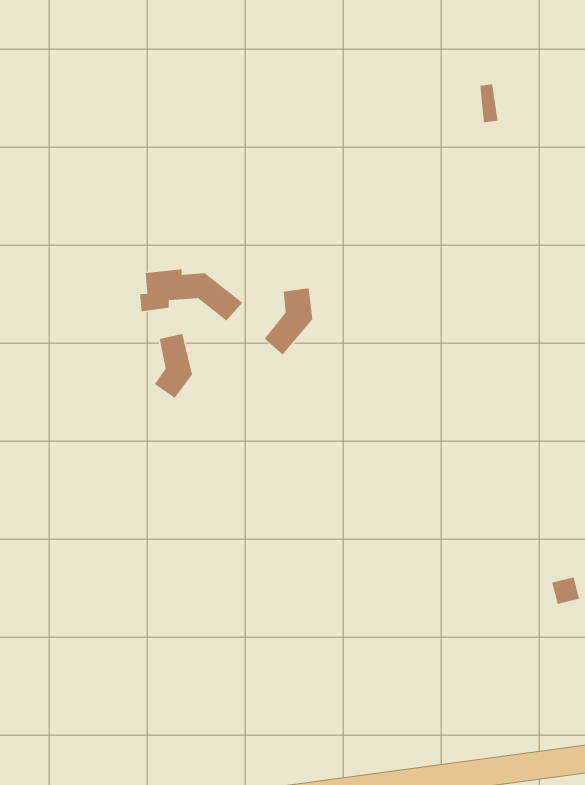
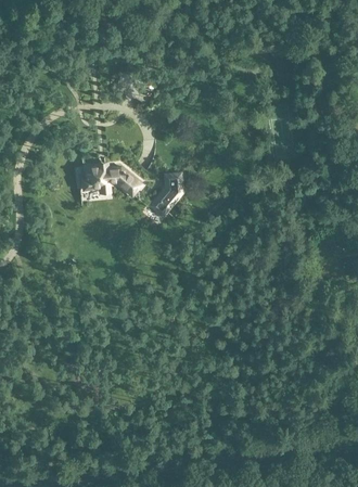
building: [154,333,193,399] -> none

